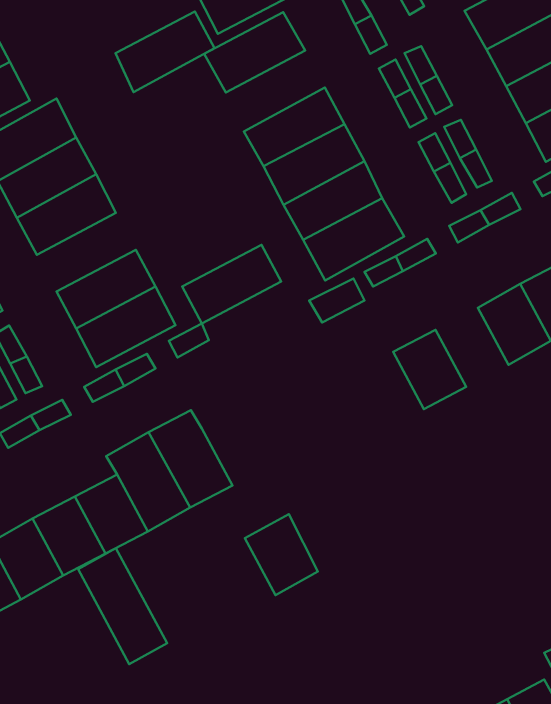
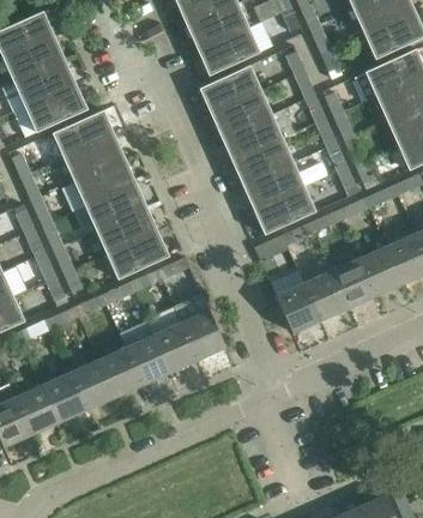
building: [116,11,214,92] -> [210,90,272,138]
building: [182,245,281,323] -> [84,183,146,230]
building: none -> [331,259,375,308]
building: none -> [268,270,320,333]
building: [245,514,318,595] -> [180,309,224,360]
building: [78,548,167,664] -> none

